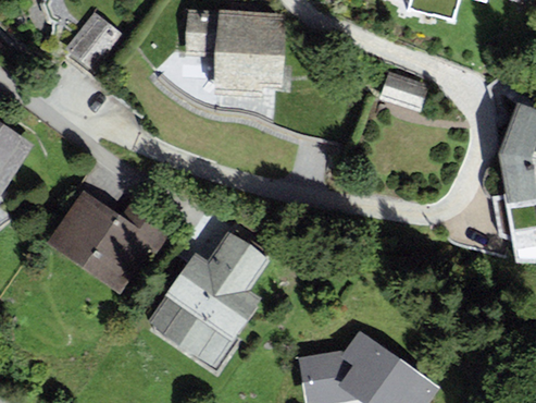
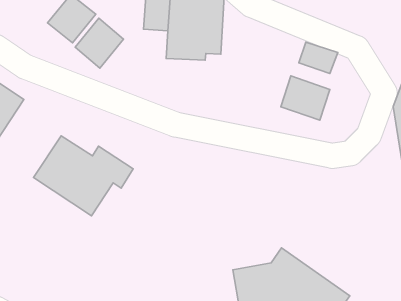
building: none -> [75,18,123,68]
building: none -> [281,76,330,120]
building: [146,231,270,368] -> none

